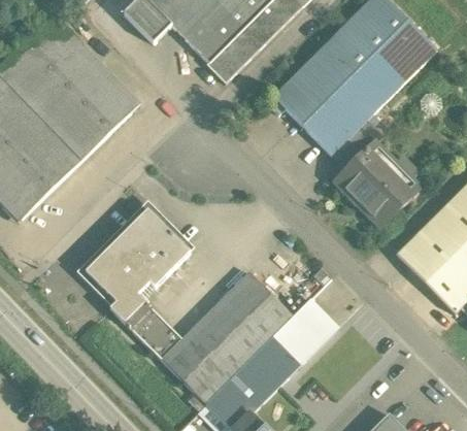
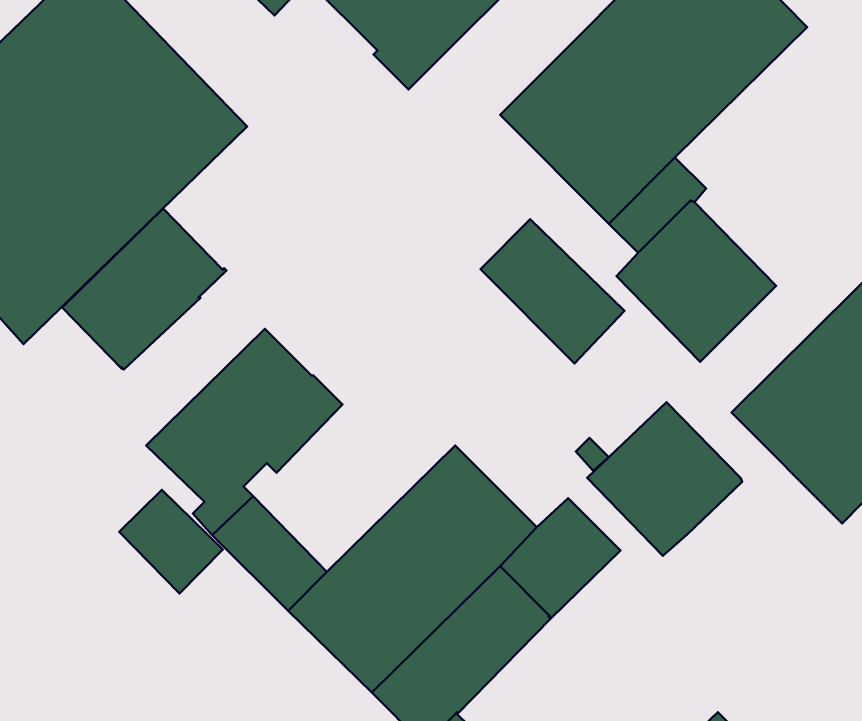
building: none -> [62,208,227,369]
building: none -> [480,219,625,363]
building: none -> [587,402,742,556]
building: none -> [119,490,223,594]

